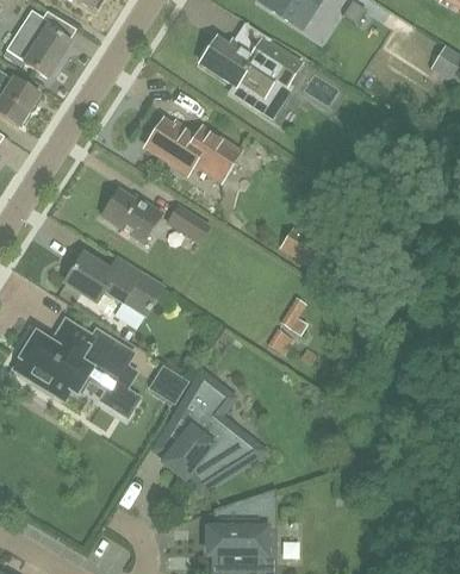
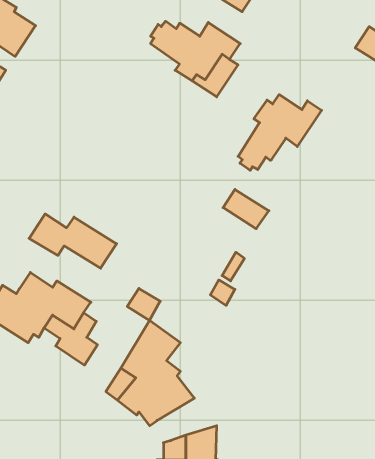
building: none -> [238,95,322,170]
building: [147,119,238,179] -> none
building: [101,189,161,241] -> none
building: [164,202,211,244] -> none
building: [150,367,187,403] -> [127,288,160,320]

